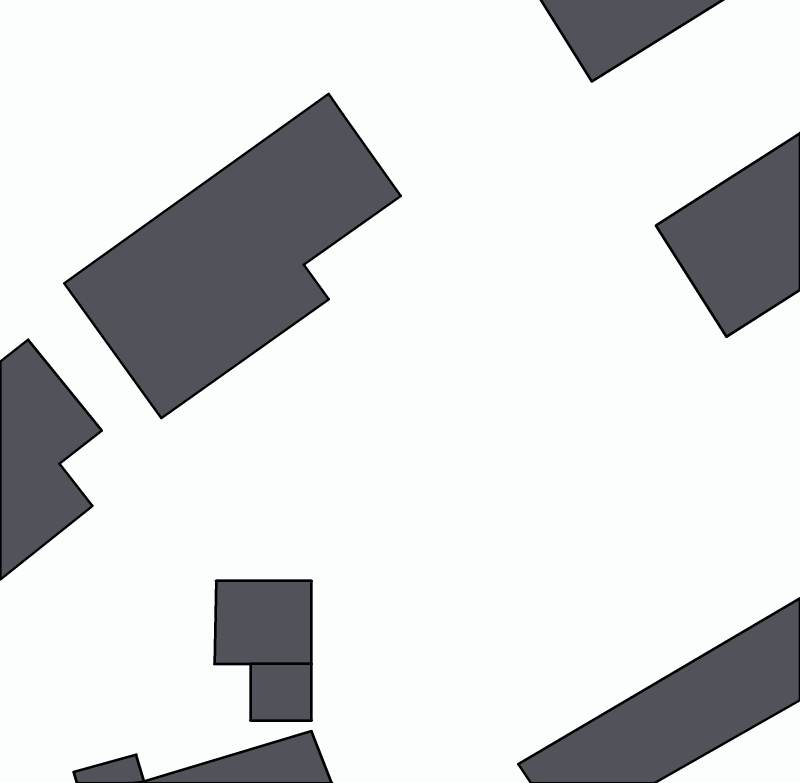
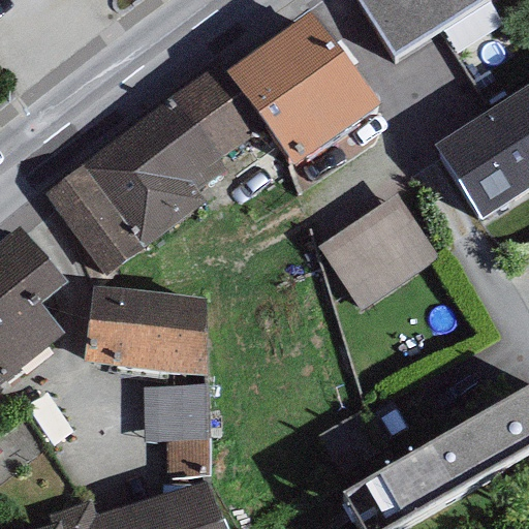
building: none -> [226,17,378,172]
building: none -> [317,191,436,304]
building: none -> [83,286,209,373]

